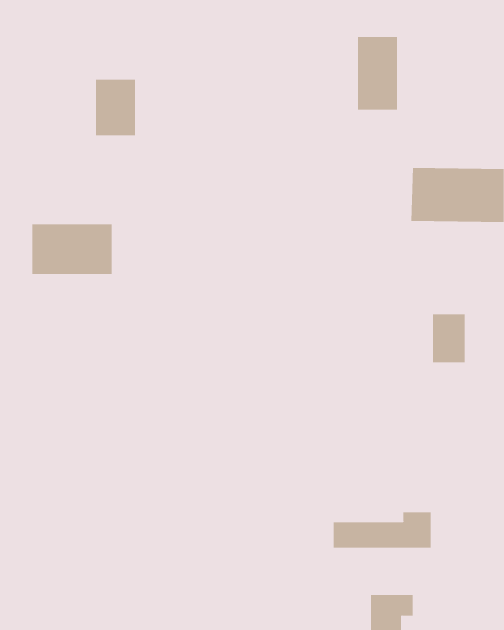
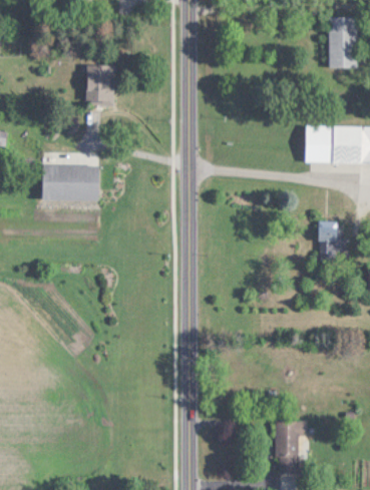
building: [357,36,398,110] -> [328,16,356,67]
building: [333,512,431,549] -> none

